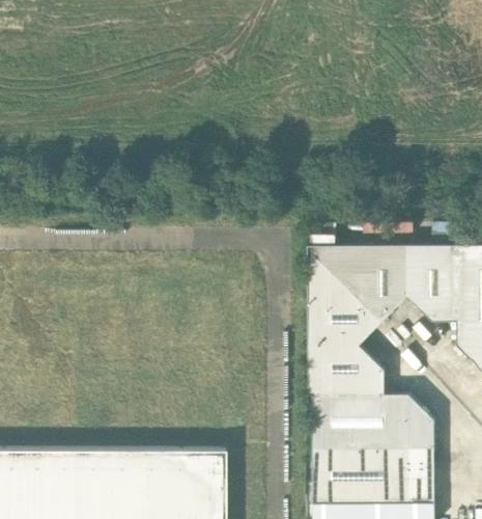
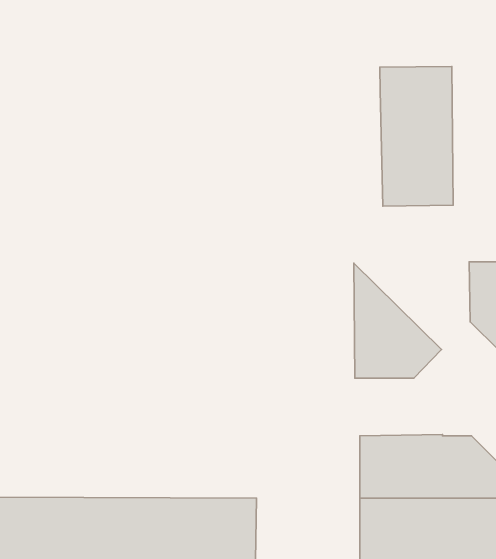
building: none -> [380,66,453,206]
building: [308,246,408,322] -> none
building: [309,347,385,397] -> none

